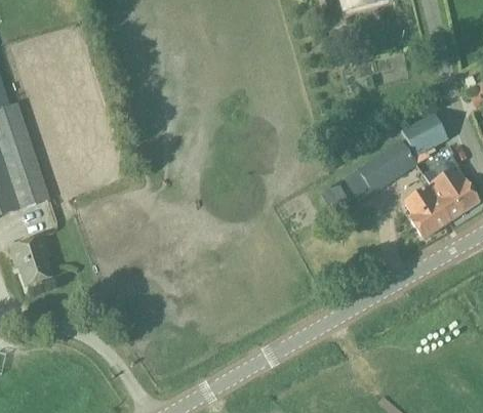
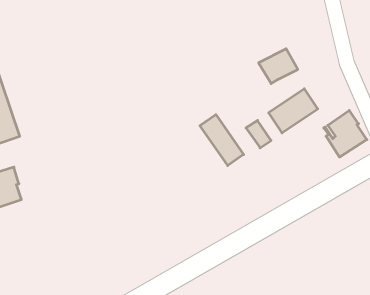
building: [399,113,447,156] -> [259,49,298,84]
building: none -> [200,115,244,166]
building: [403,187,443,238] -> none

